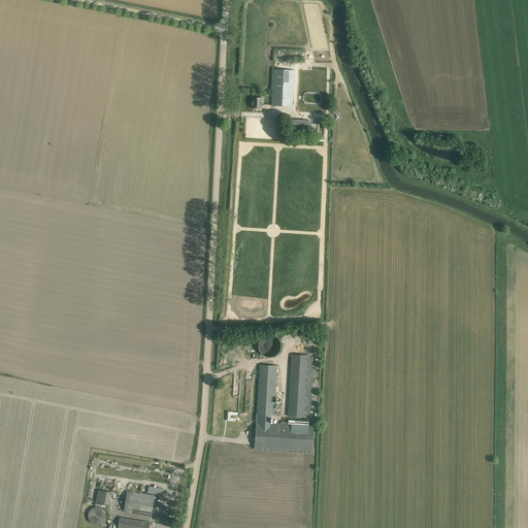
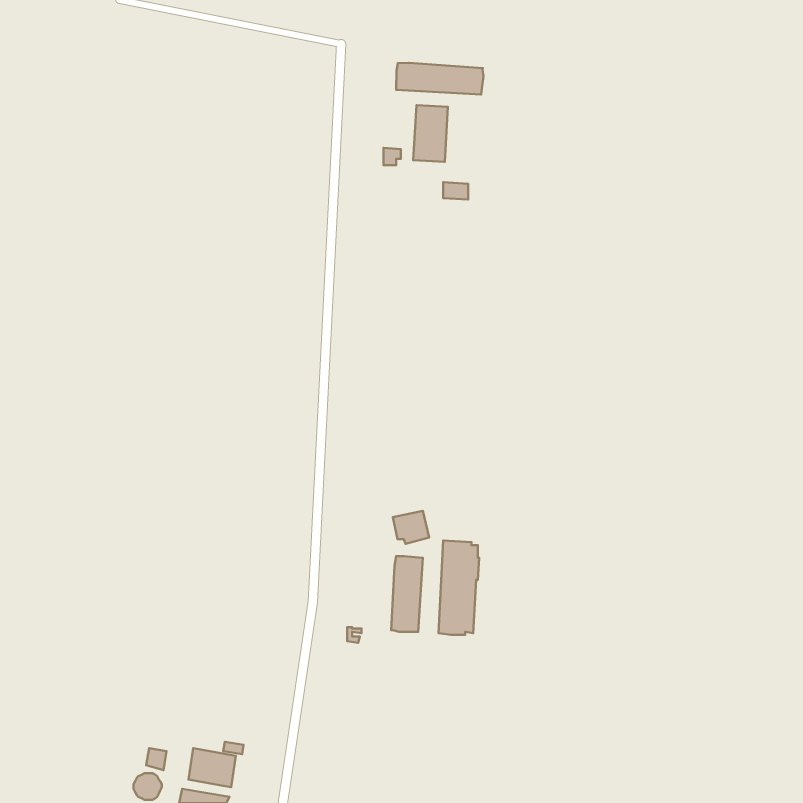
building: none -> [396,63,484,95]
building: [255,414,314,453] -> none

